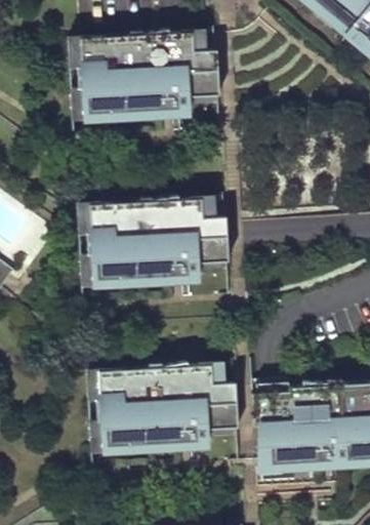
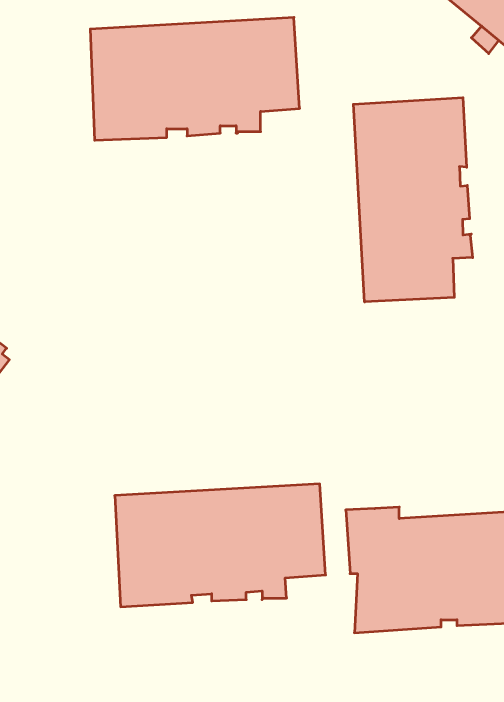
building: none -> [353,98,473,302]
building: [81,199,230,286] -> none

